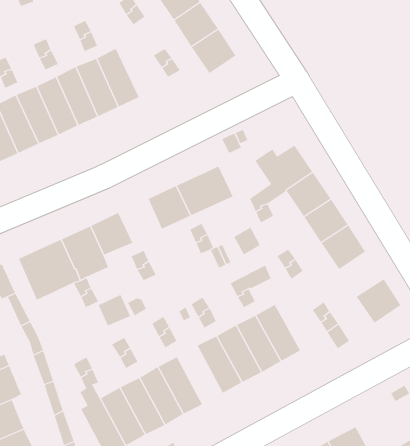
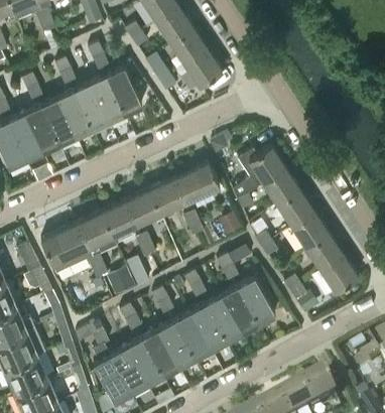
building: none -> [125,190,160,227]
building: none -> [306,234,344,271]
building: none -> [173,311,211,360]

